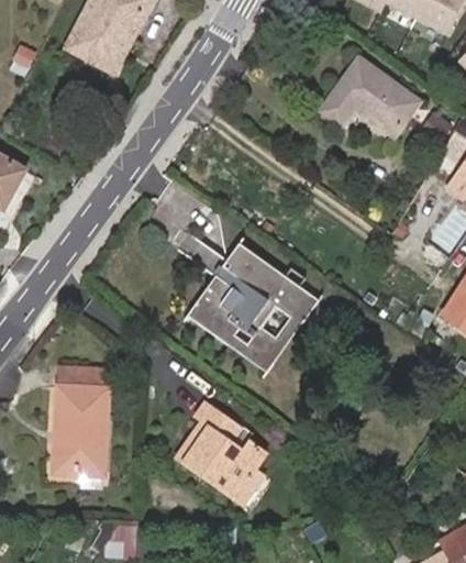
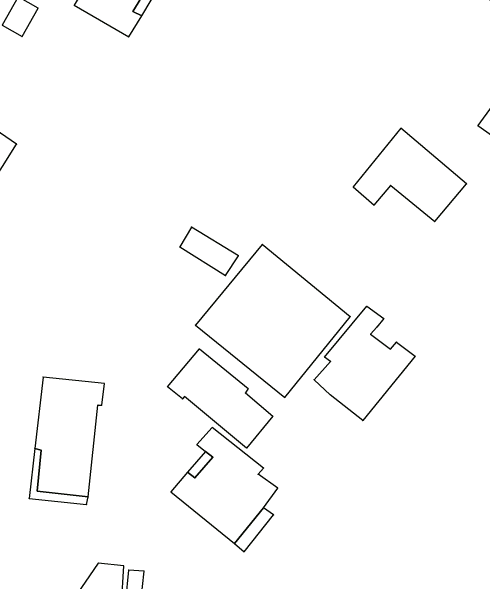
building: [322,57,419,135] -> [353,128,467,222]
building: none -> [314,306,415,421]
building: none -> [168,349,273,448]

